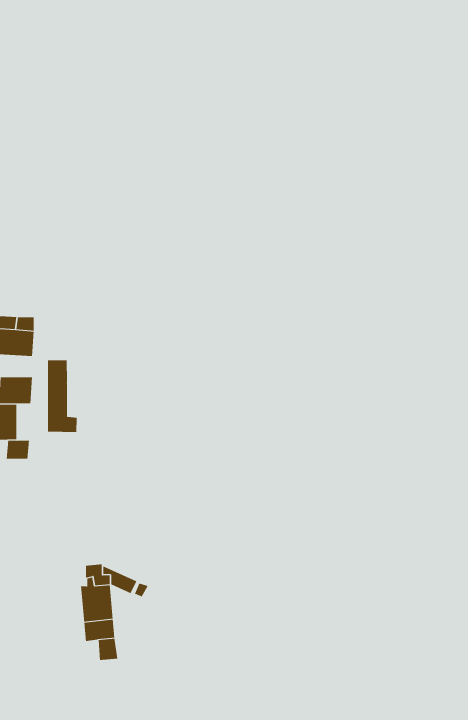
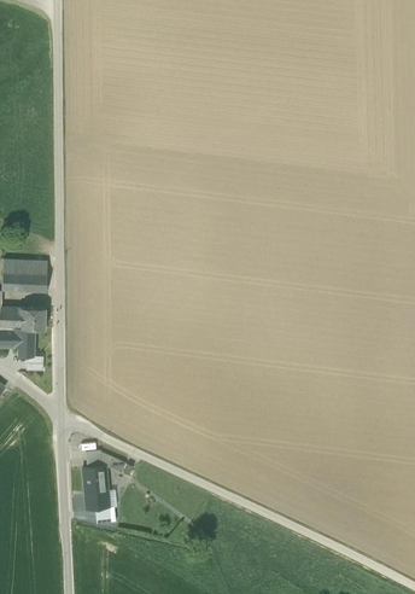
building: [48,359,77,433] -> none

